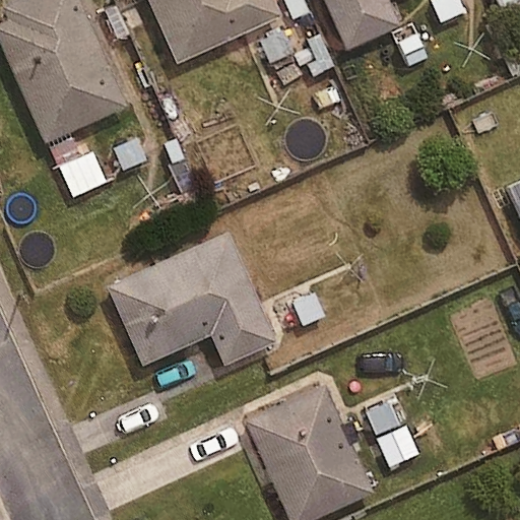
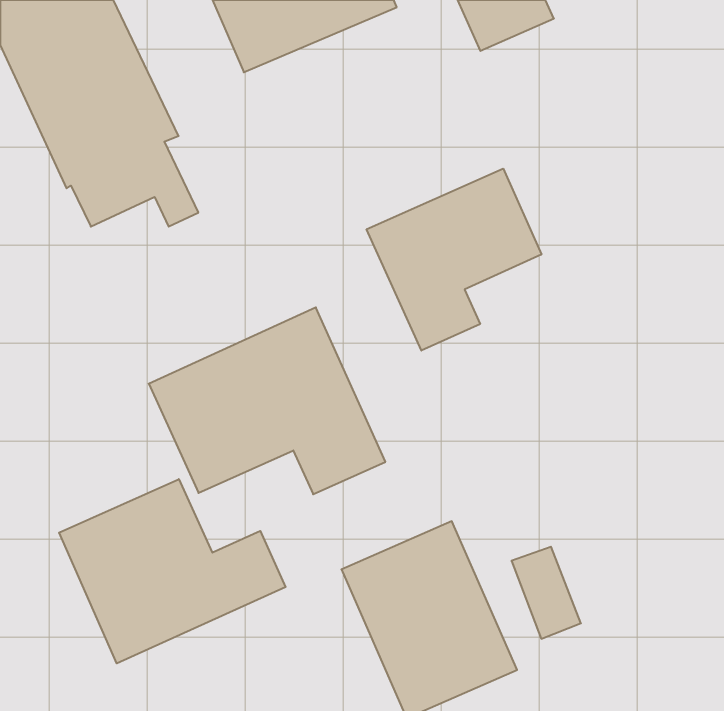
building: none -> [367,169,541,351]
building: none -> [59,479,286,663]

